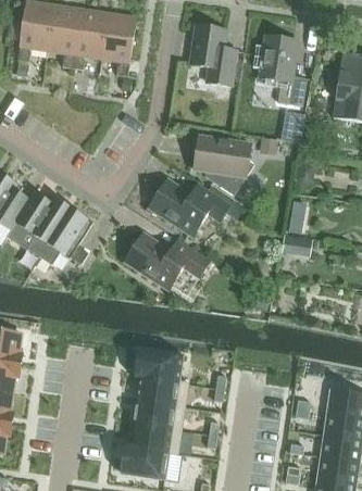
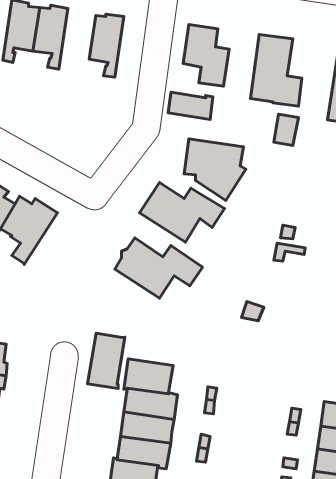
building: [72,10,108,70] -> none
building: none -> [168,92,213,120]
building: [38,207,92,265] -> none
building: none -> [88,333,125,388]

